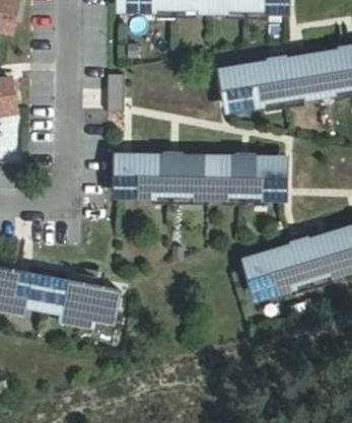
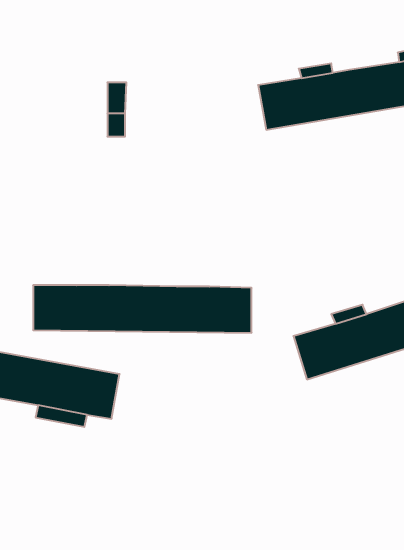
building: [119,158,282,194] -> [33,285,252,333]

